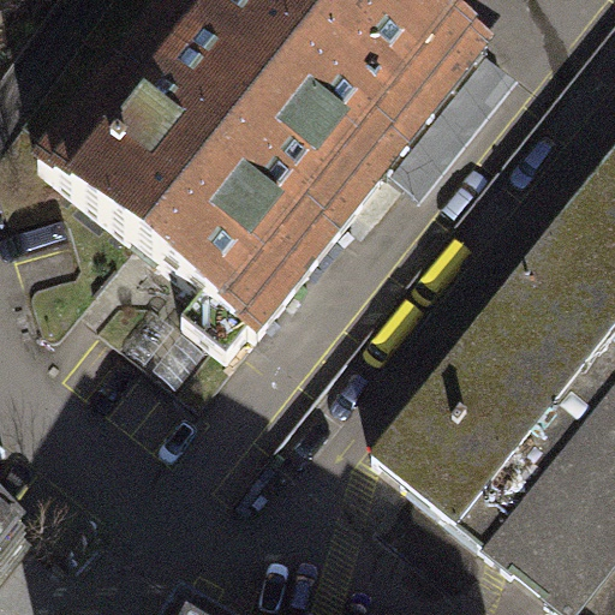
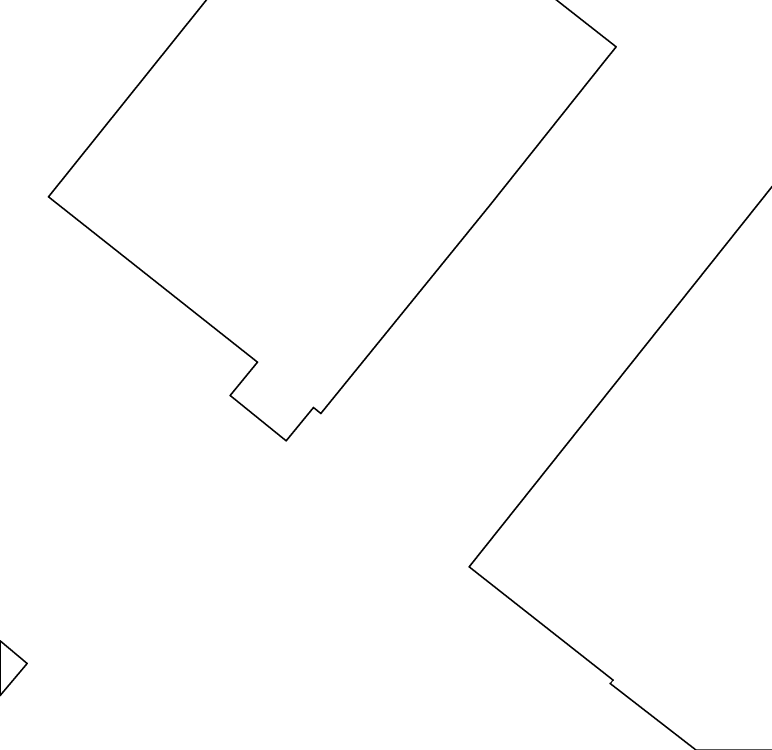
building: [390,49,518,192] -> none

